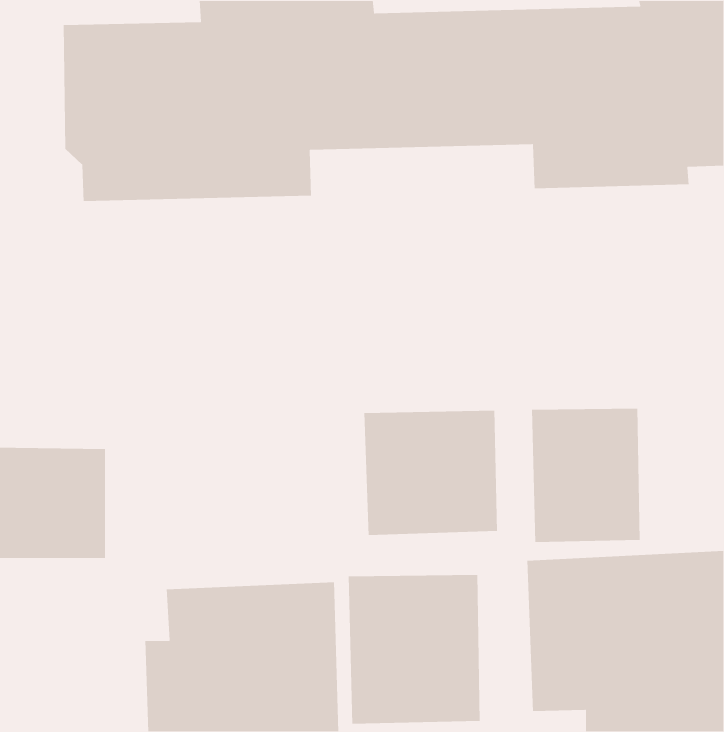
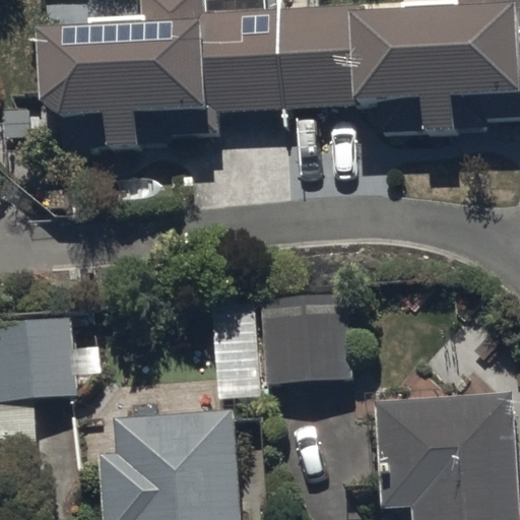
building: [531,408,640,543] -> none
building: [348,574,480,724] -> none

